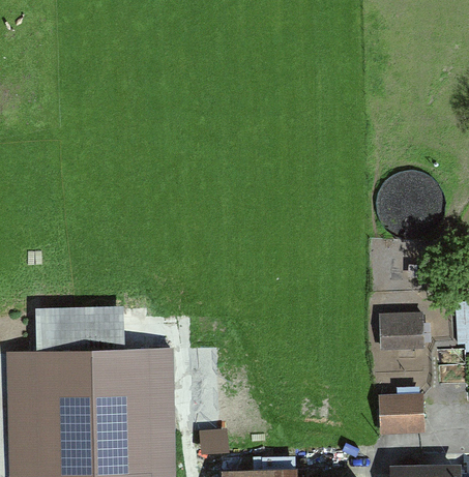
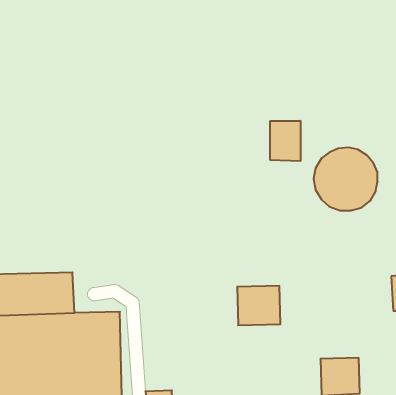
building: none -> [270,121,300,161]
building: [381,312,427,354] -> [237,286,280,325]

